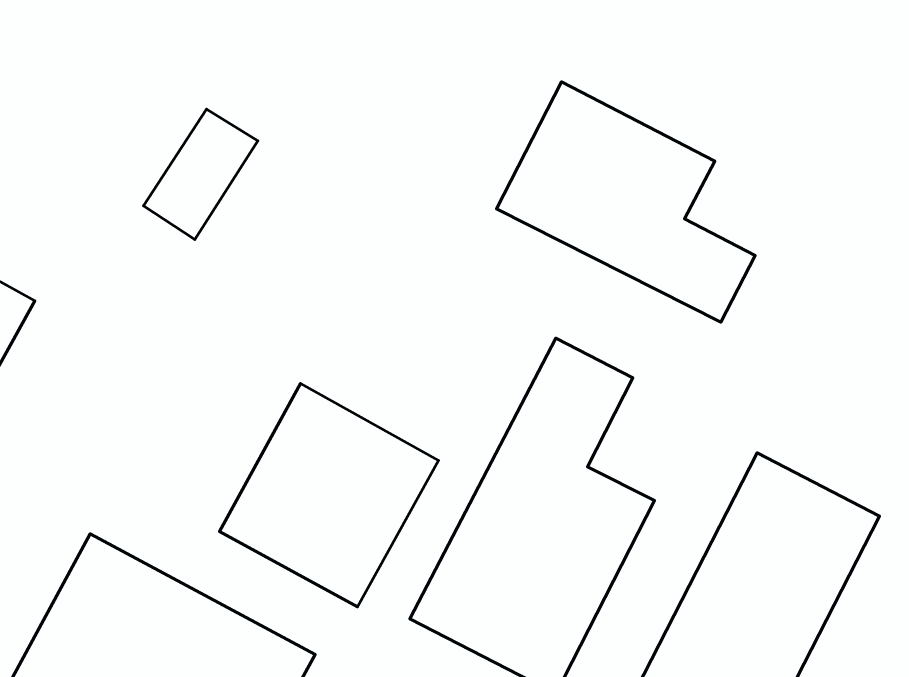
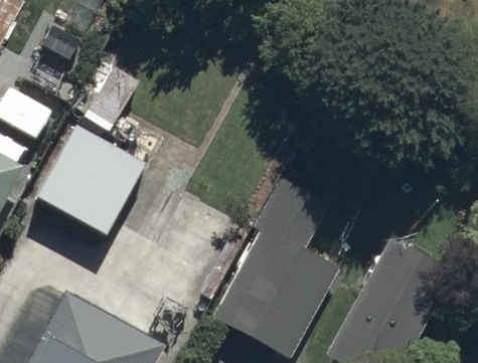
building: [496,82,755,322] -> none
building: [219,383,439,607] -> [35,125,147,238]

